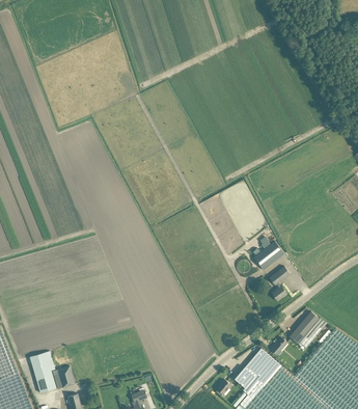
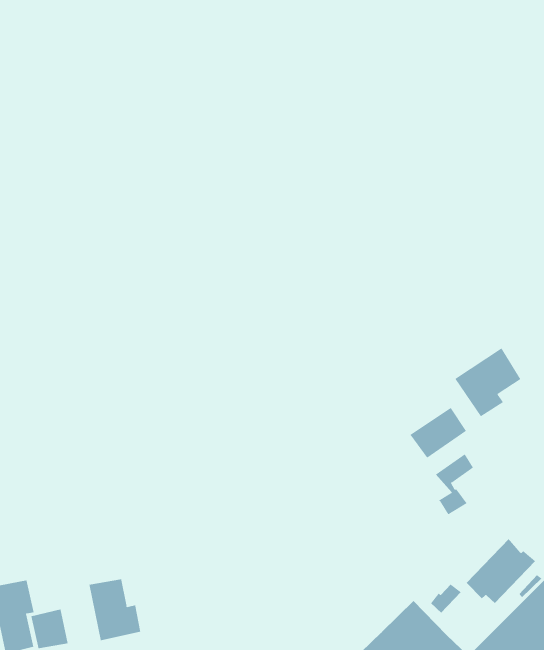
building: none -> [454,348,521,417]
building: none -> [89,579,141,641]

